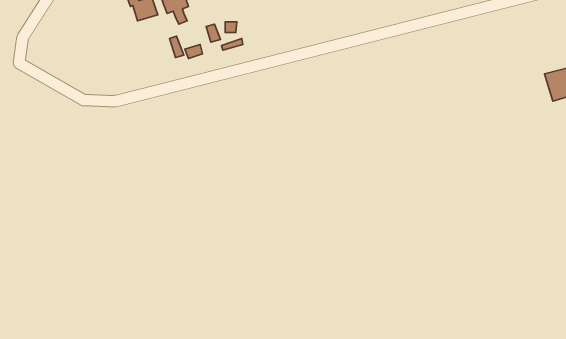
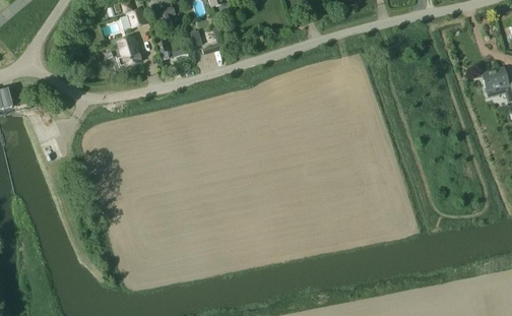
building: none -> [117,37,142,67]

